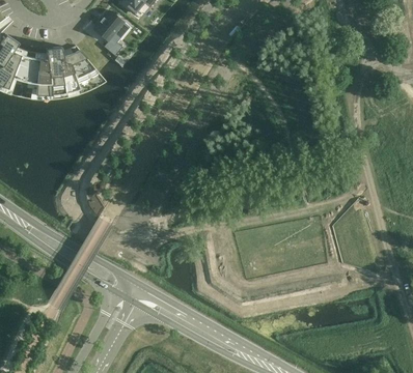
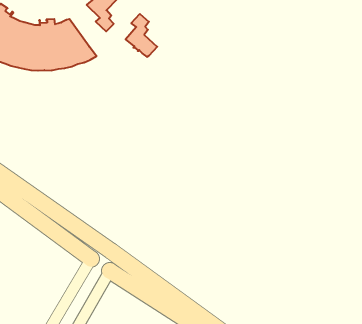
building: none -> [126,14,157,57]

